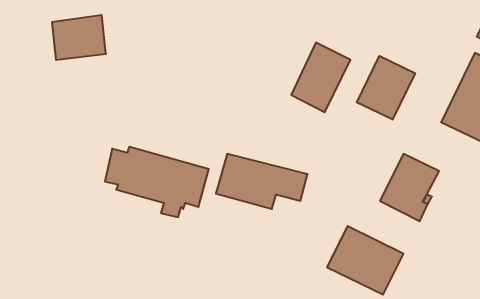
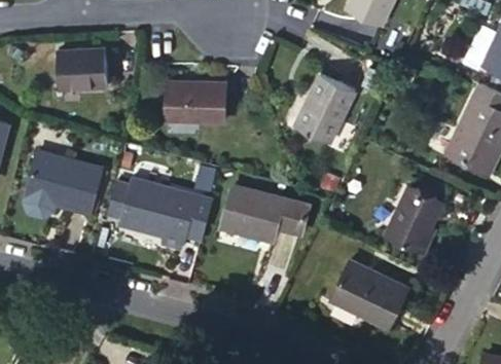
building: none -> [166,80,225,122]
building: [357,56,415,120] -> none
building: none -> [23,150,100,219]

